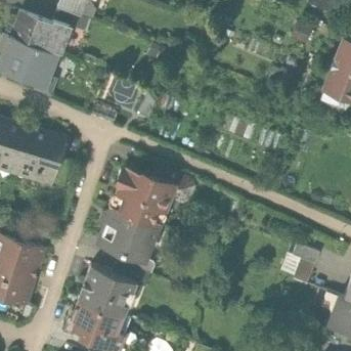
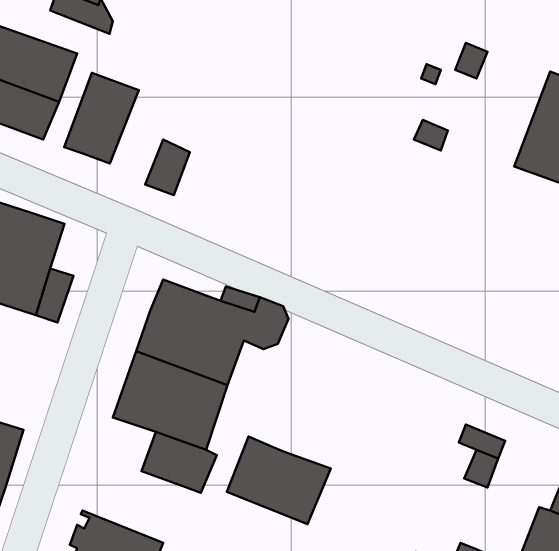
building: none -> [64,73,139,163]
building: [78,263,137,313] -> [227,436,331,524]

